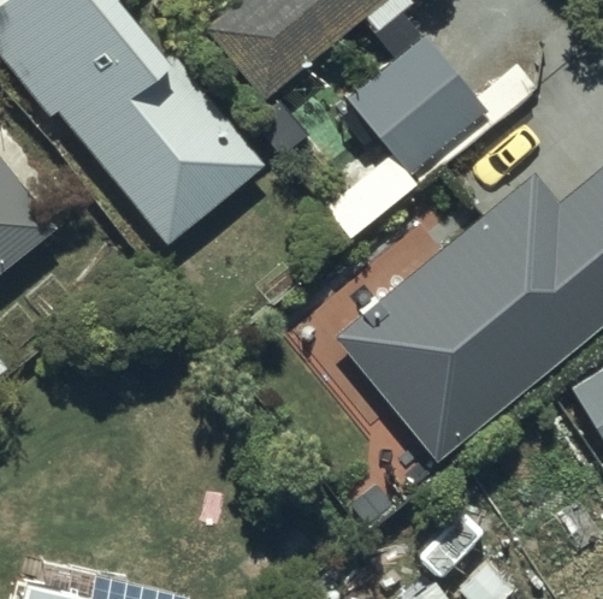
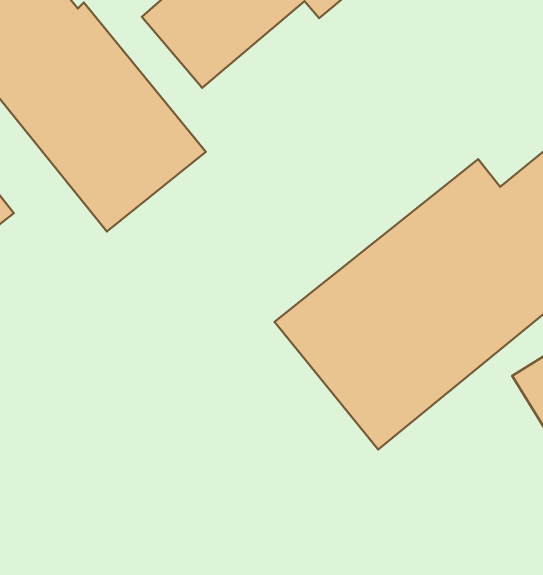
building: [345,34,487,176] -> none

